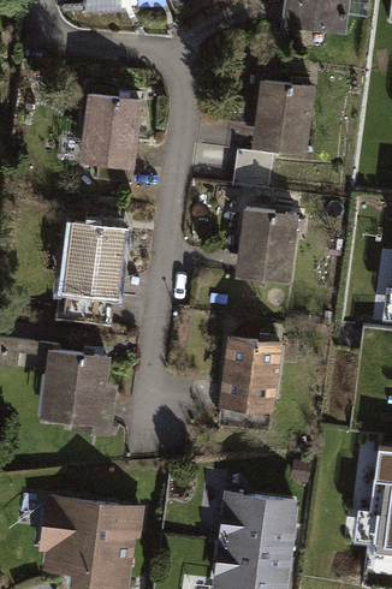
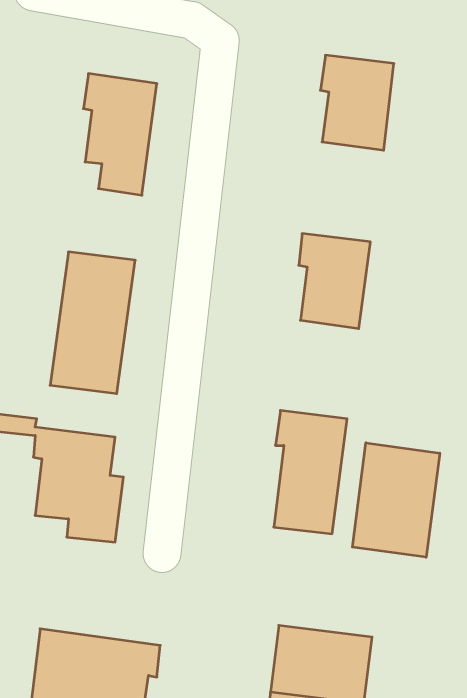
building: [231,151,269,189] -> none
building: none -> [352,443,440,557]

